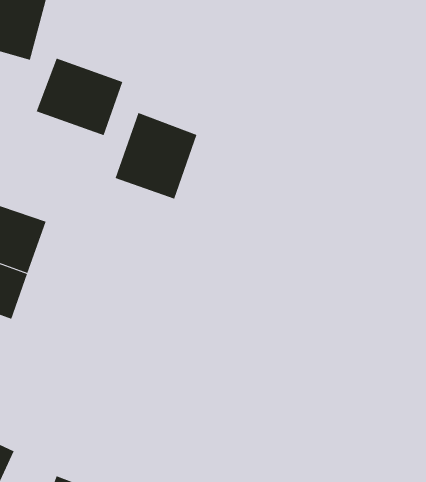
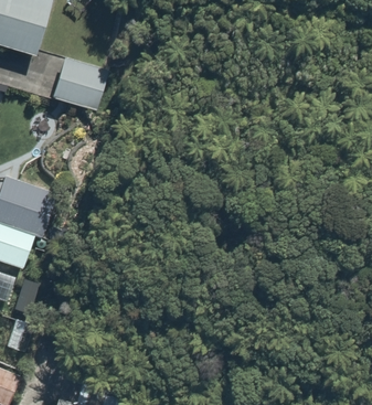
building: [115,112,197,199] -> none

